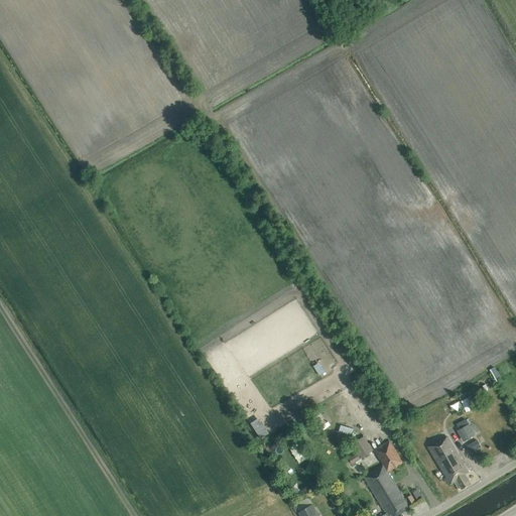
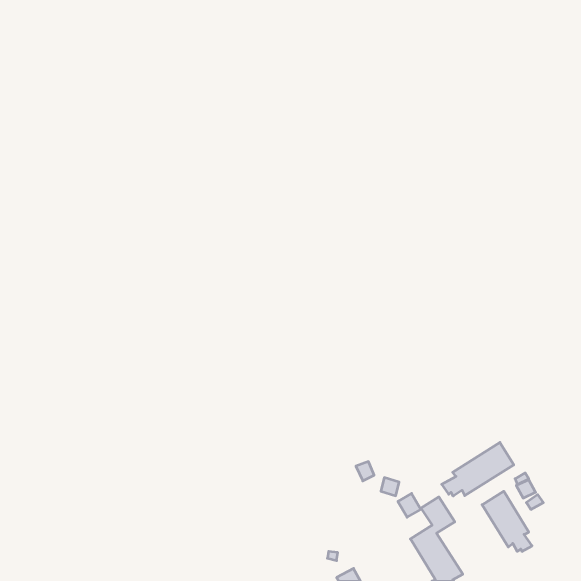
building: none -> [442,442,514,496]

